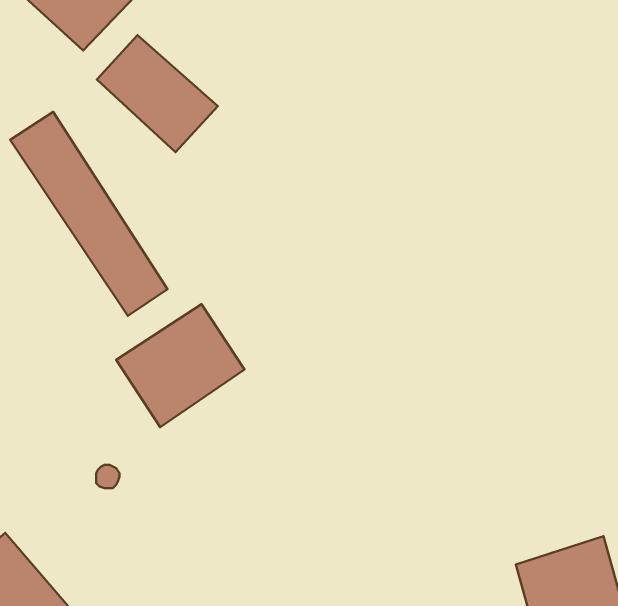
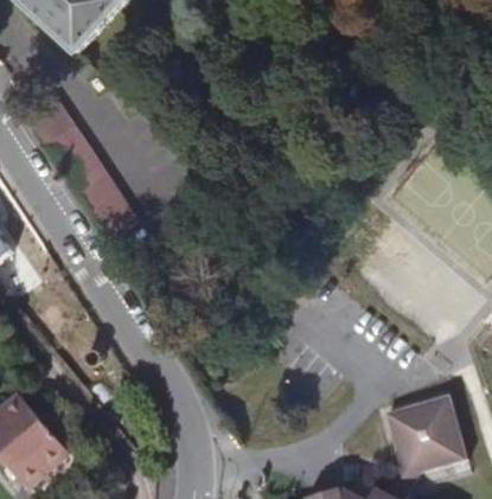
building: [97,35,218,152] -> none
building: [116,304,244,427] -> none

